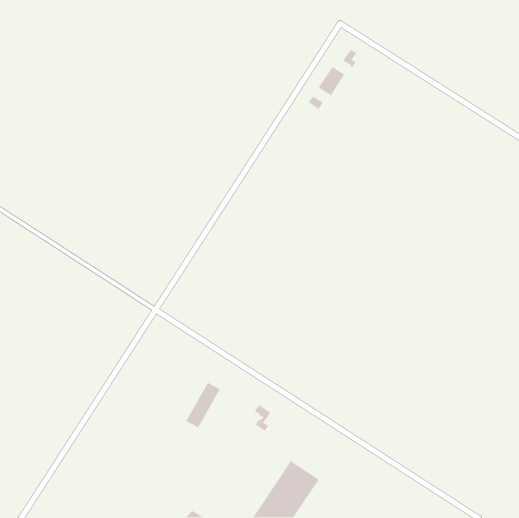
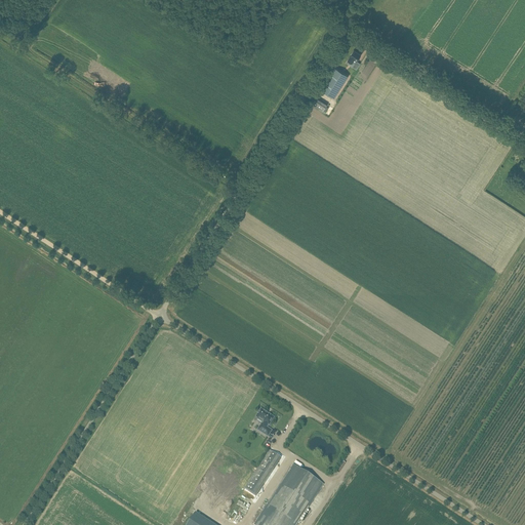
building: [185,382,221,428] -> [246,448,282,495]

